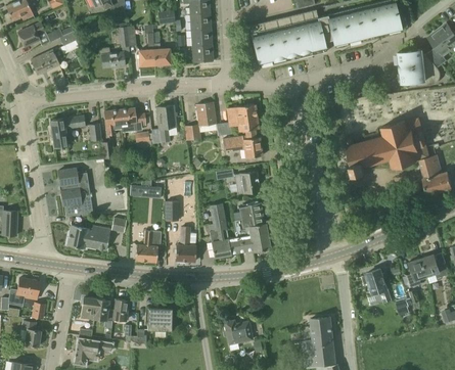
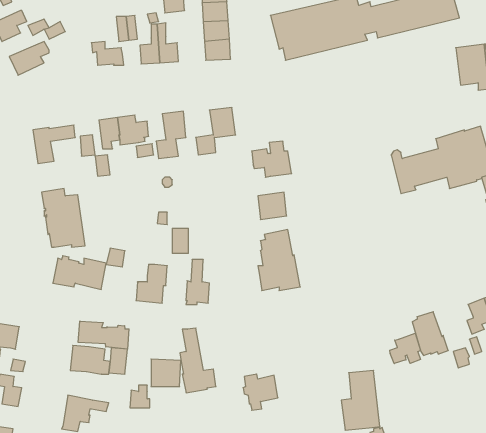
building: [227,103,259,131] -> none
building: [209,203,238,257] -> [180,328,216,393]
building: none -> [78,321,129,349]
building: none -> [390,333,421,364]

